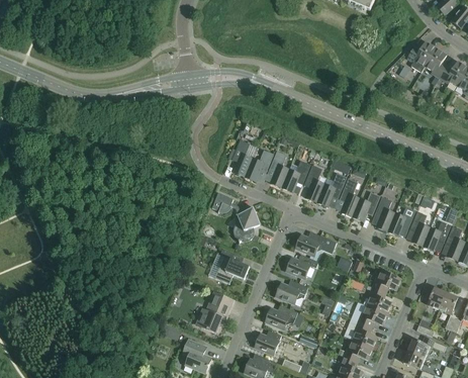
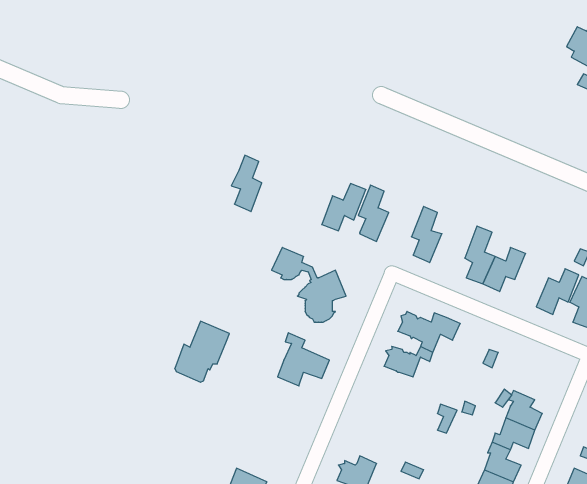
building: [231,138,252,176] -> [231,155,262,212]
building: [281,160,310,191] -> none
building: [316,172,347,206] -> none
building: [375,195,395,230] -> none
building: [372,269,401,292] -> none
building: [276,282,308,305] -> none
building: [197,291,233,332] -> [175,321,229,382]
building: [265,307,297,328] -> none

